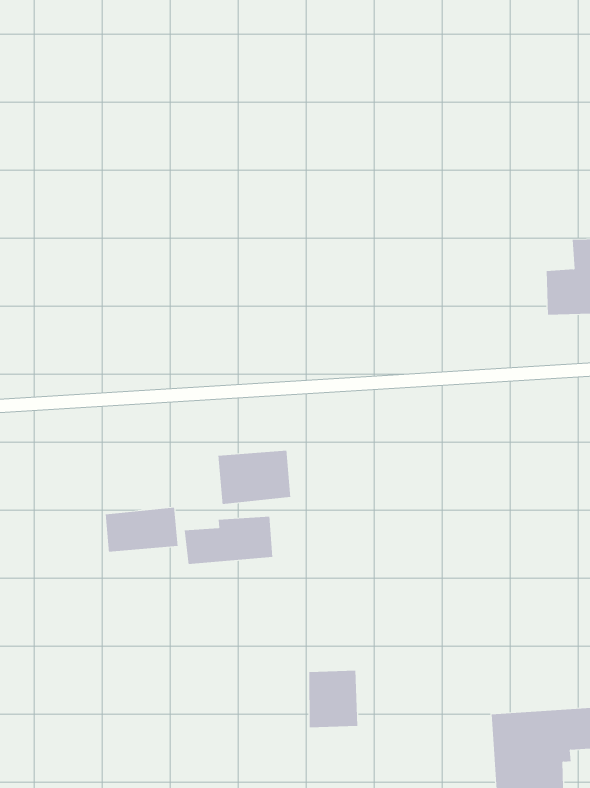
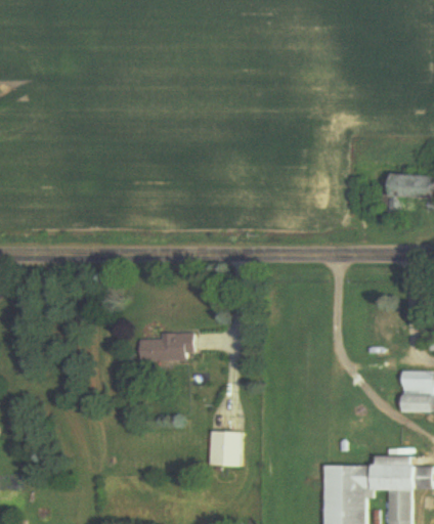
building: [218,450,291,505] -> none
building: [105,507,178,552] -> none

